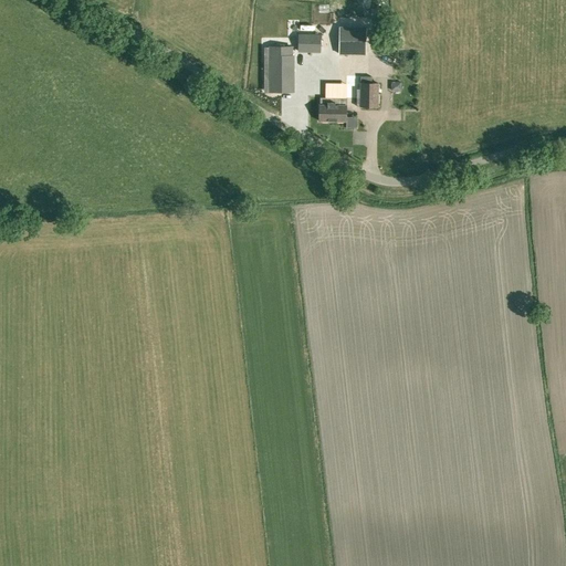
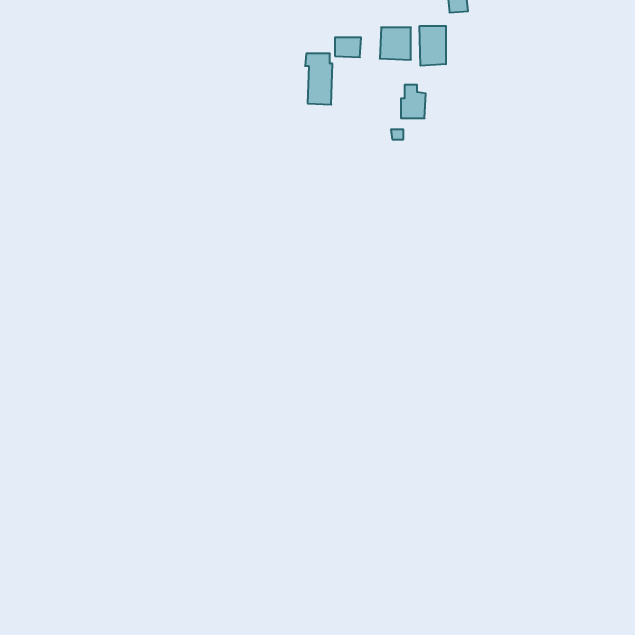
building: none -> [420,26,446,66]
building: [318,96,356,119] -> none

